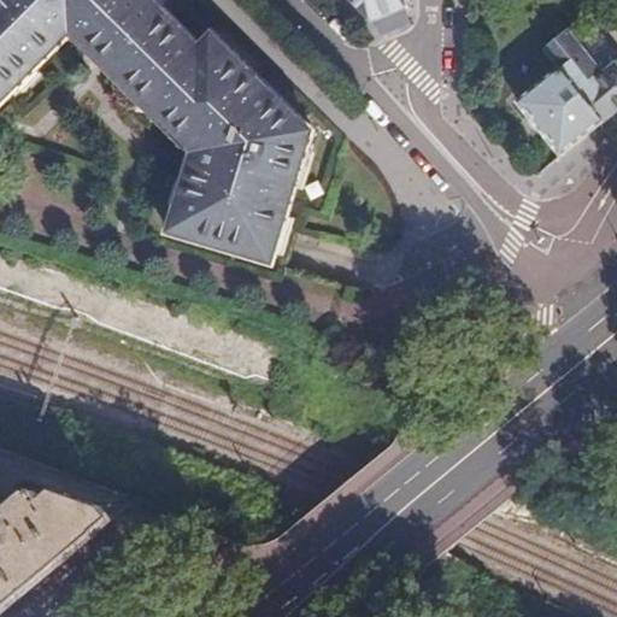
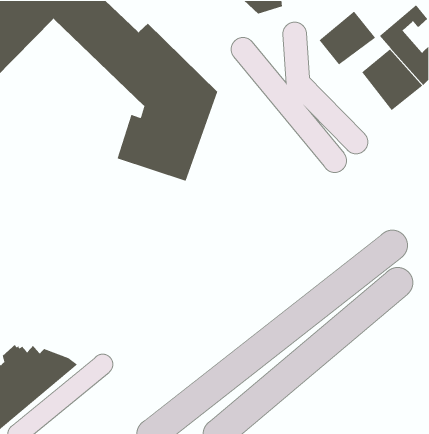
building: none -> [319,11,376,66]

